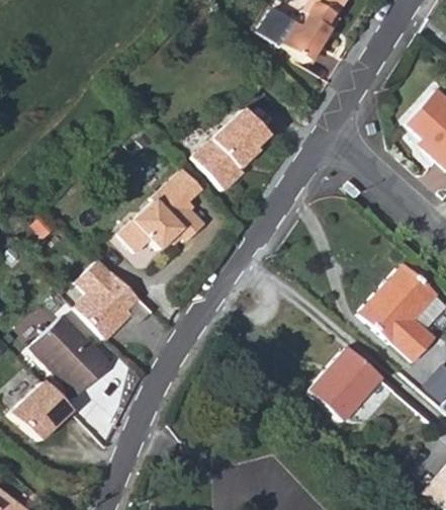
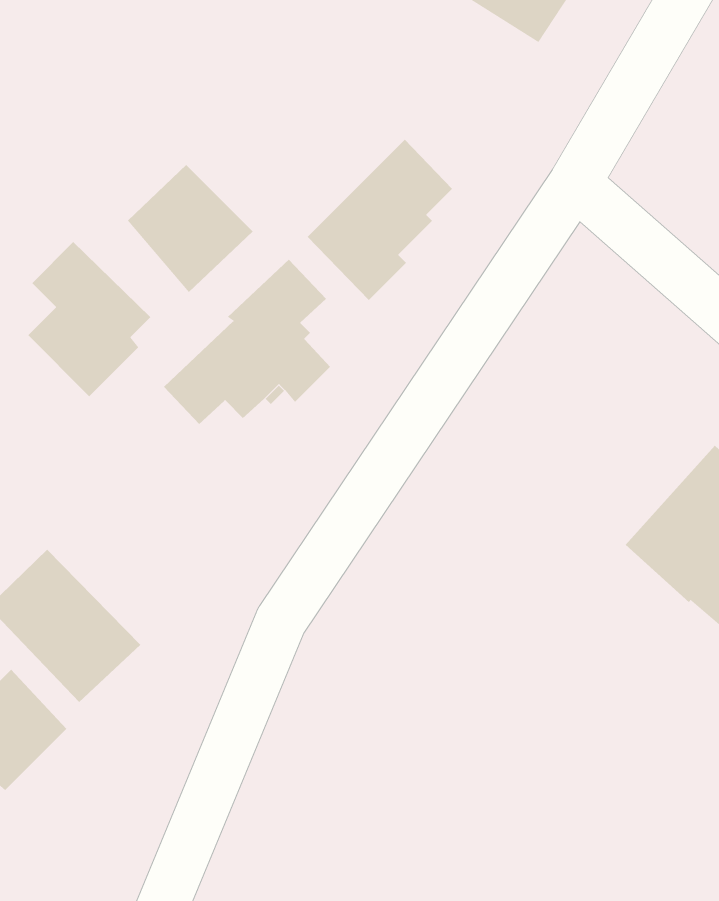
building: none -> [127,164,254,293]
building: [78,258,141,337] -> [27,241,151,397]
building: [305,344,377,418] -> none

